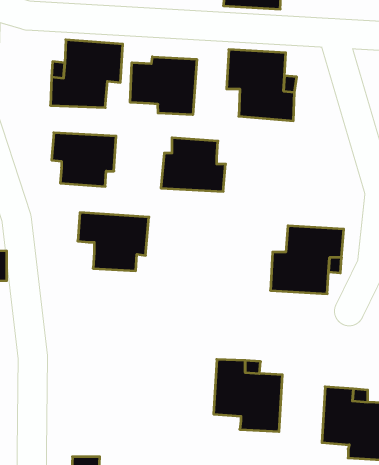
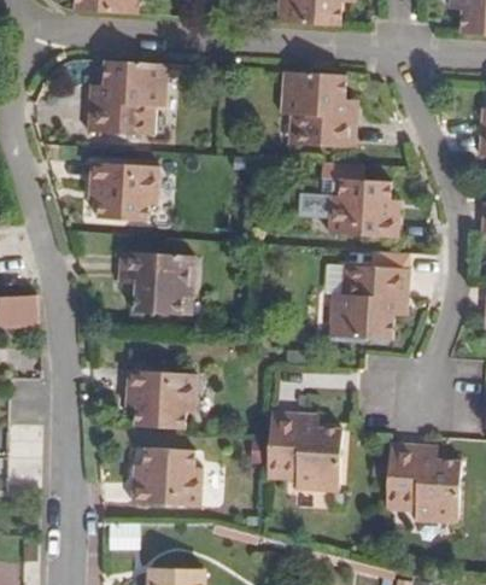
building: [130,57,197,115] -> none
building: [161,138,226,191] -> [328,179,399,238]
building: none -> [125,369,197,429]
building: none -> [131,447,203,507]

